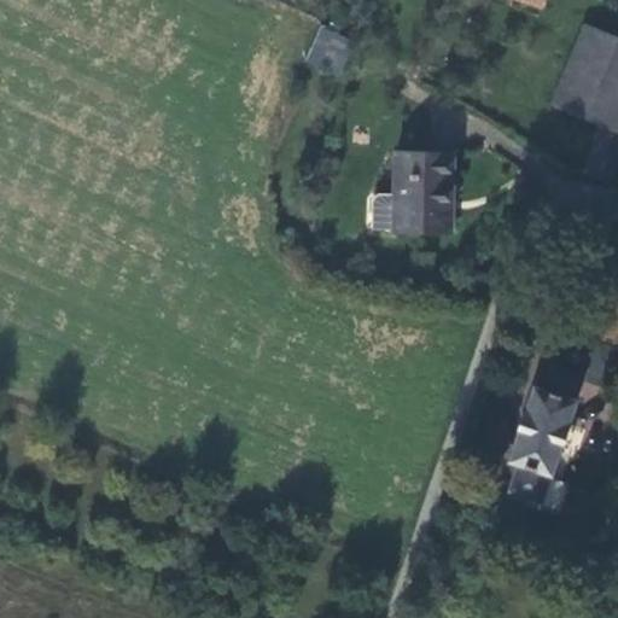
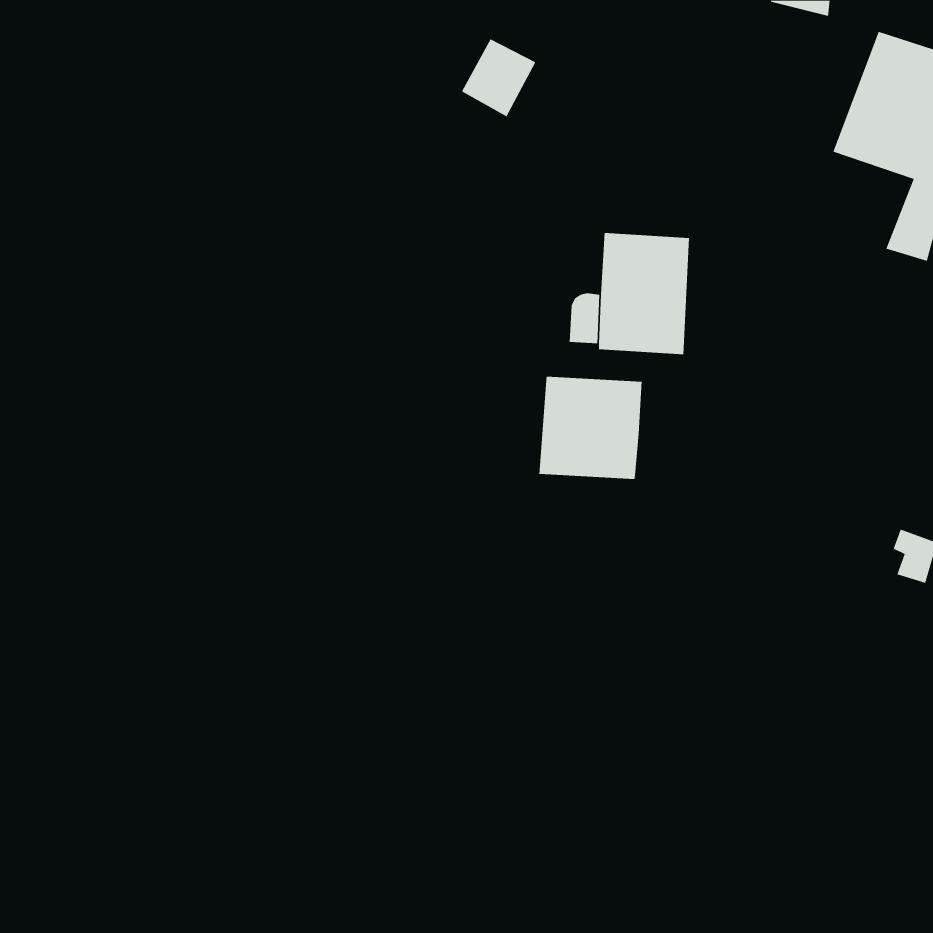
building: none -> [539,376,642,480]
building: [503,361,585,505] -> none

